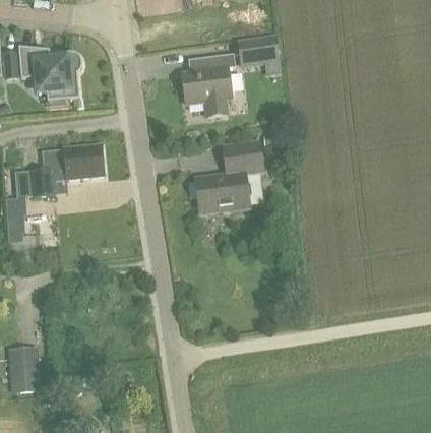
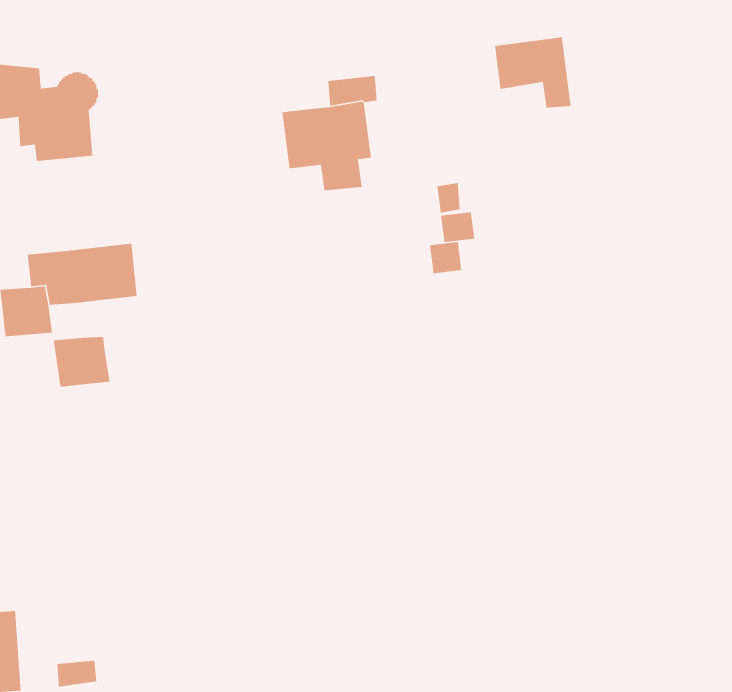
building: [237,36,280,75] -> [494,36,572,108]
building: [194,140,262,213] -> none
building: none -> [53,336,111,388]

